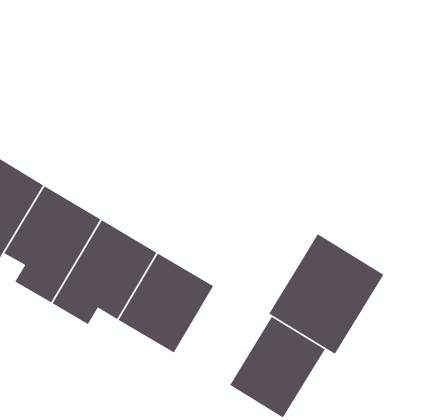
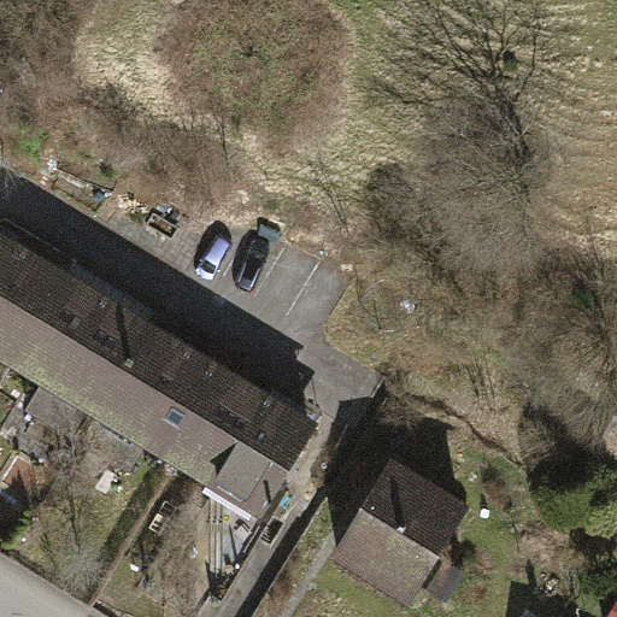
building: [268,233,385,355] -> none

